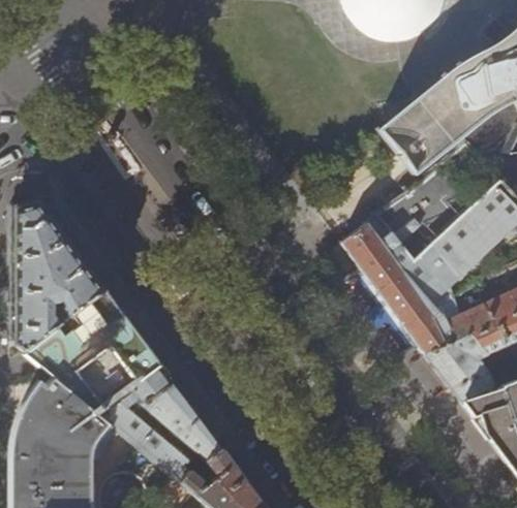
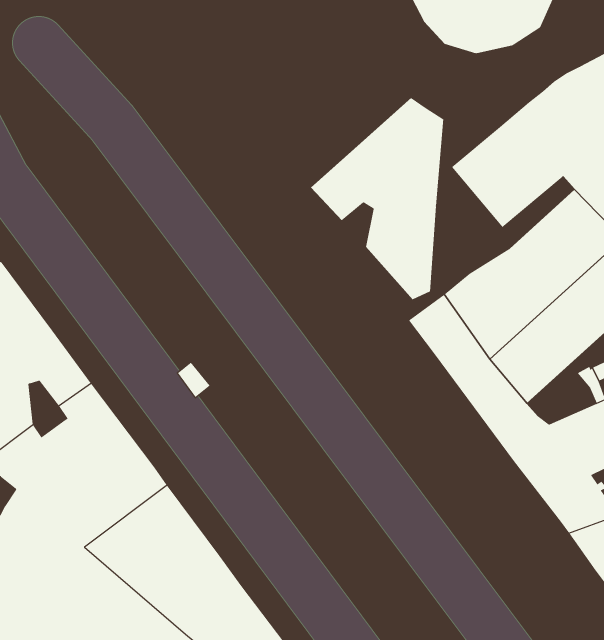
building: none -> [310,97,444,300]

